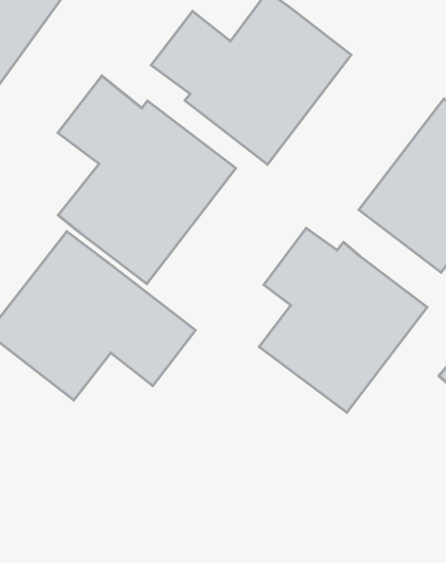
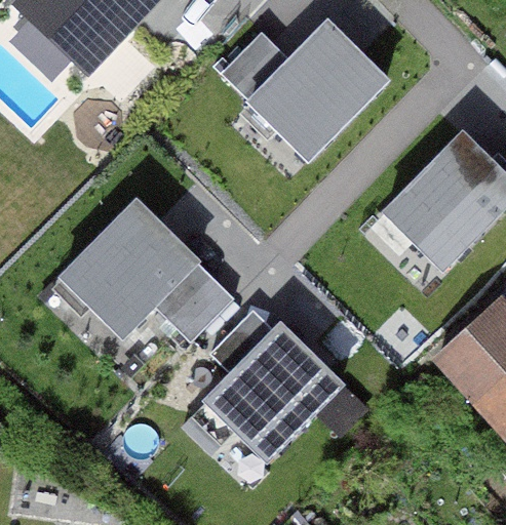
building: [58,76,236,284] -> none
building: [259,228,427,413] -> [200,308,345,466]

